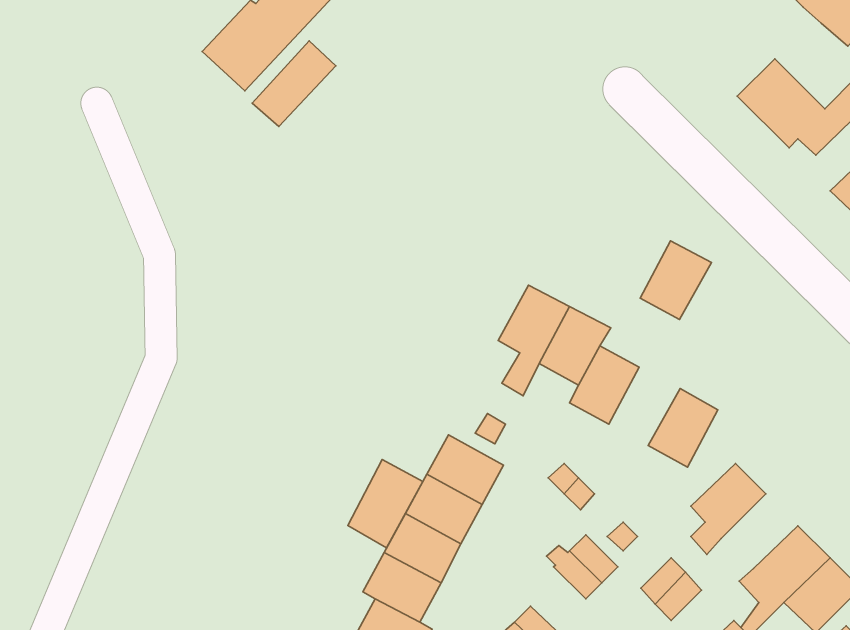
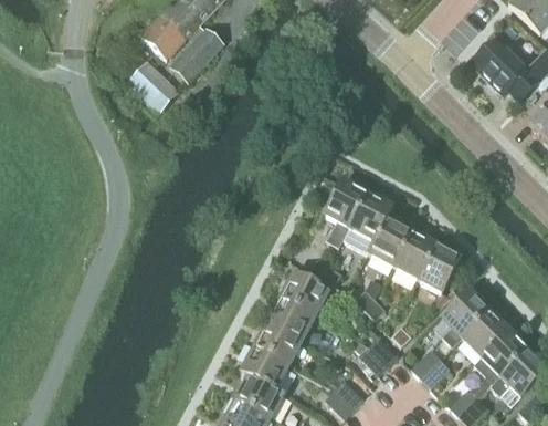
building: none -> [128,60,181,113]
building: [640,241,712,319] -> [393,230,438,279]
building: [348,460,423,548] -> none
building: none -> [463,309,510,355]

